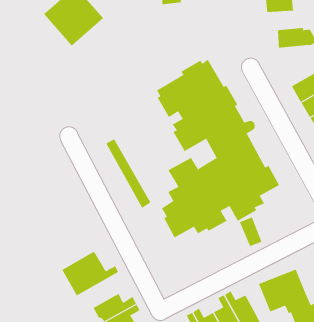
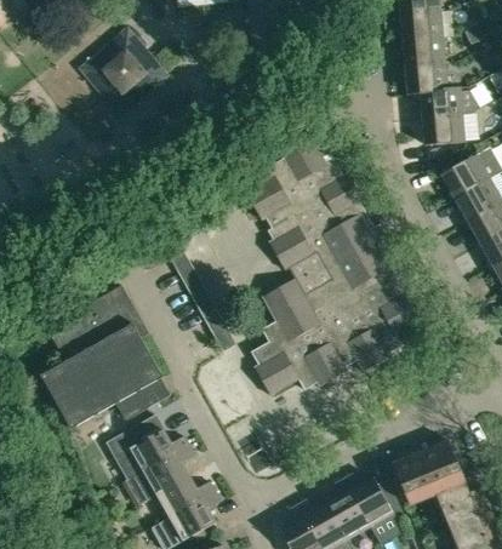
building: none -> [405,64,460,93]
building: none -> [422,115,464,145]
building: none -> [41,285,171,429]
building: [239,217,262,247] -> none
building: none -> [124,446,195,507]

